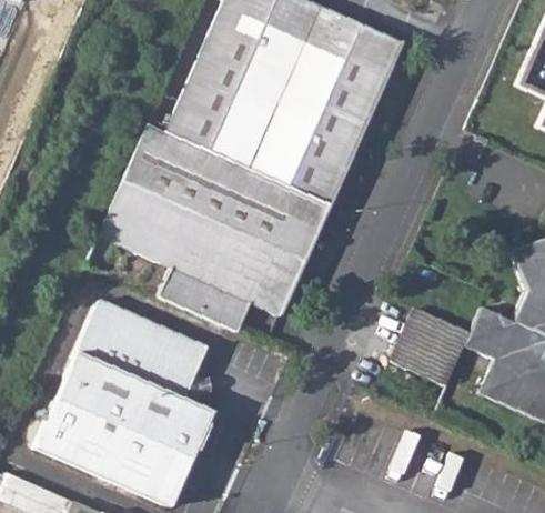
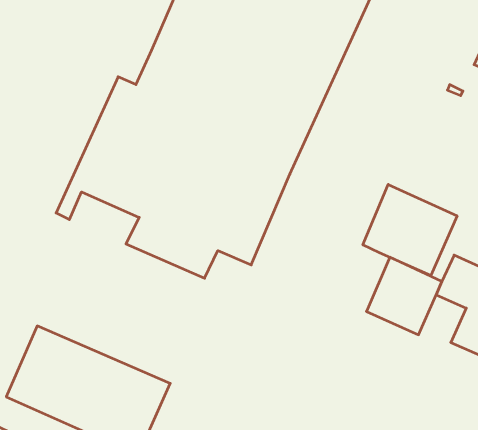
building: none -> [363,184,457,275]
building: [67,299,211,434] -> none

